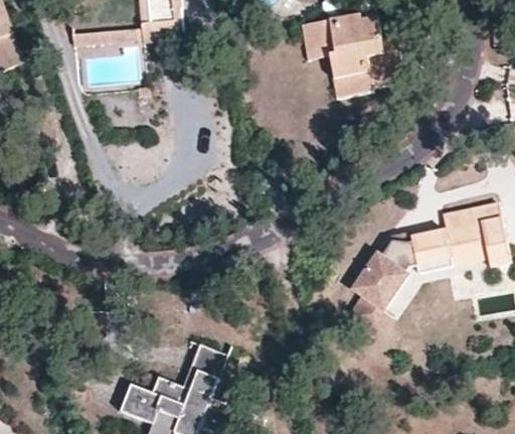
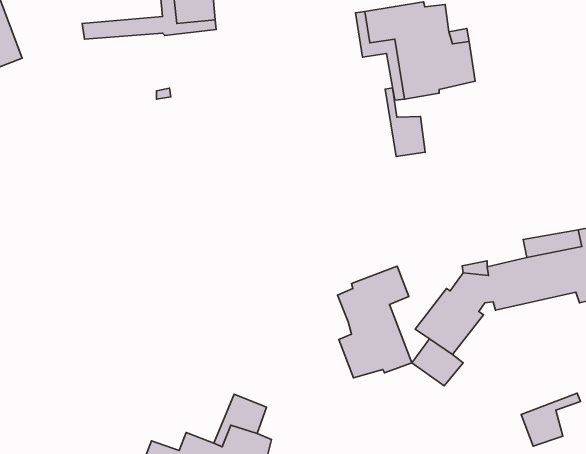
building: none -> [385,88,425,157]
building: none -> [337,266,412,378]
building: none -> [521,393,581,446]

